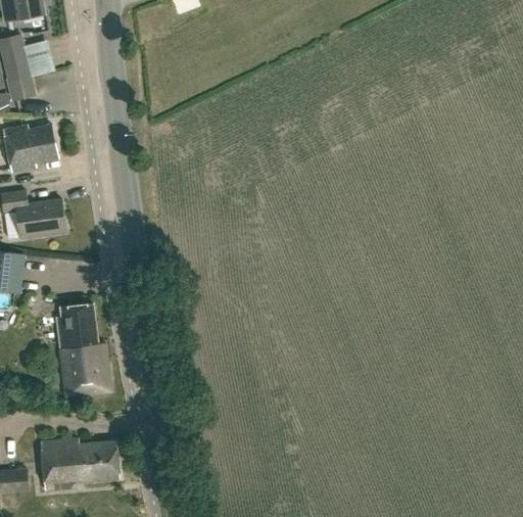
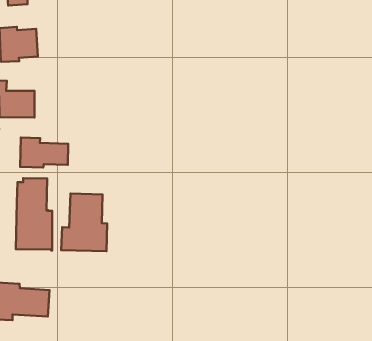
building: none -> [20,138,68,167]
building: none -> [61,194,107,251]

